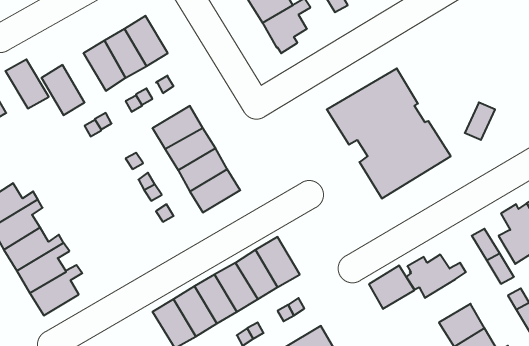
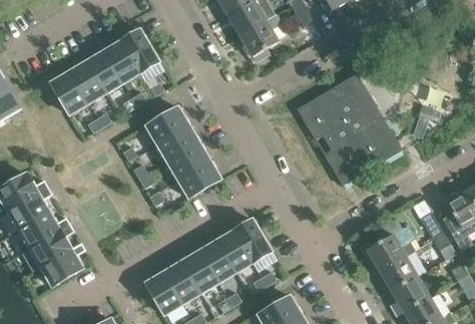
building: [5,59,49,108] -> [68,61,105,103]
building: [369,266,415,309] -> [379,255,418,292]

